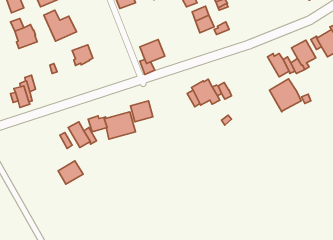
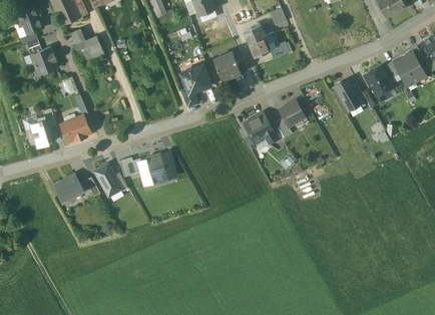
building: none -> [213,52,241,81]
building: [72,45,93,66] -> [64,115,89,140]
building: none -> [279,99,306,126]
building: [269,79,301,112] -> none
building: [131,101,153,122] -> none
building: [58,161,83,184] -> [54,173,84,201]

